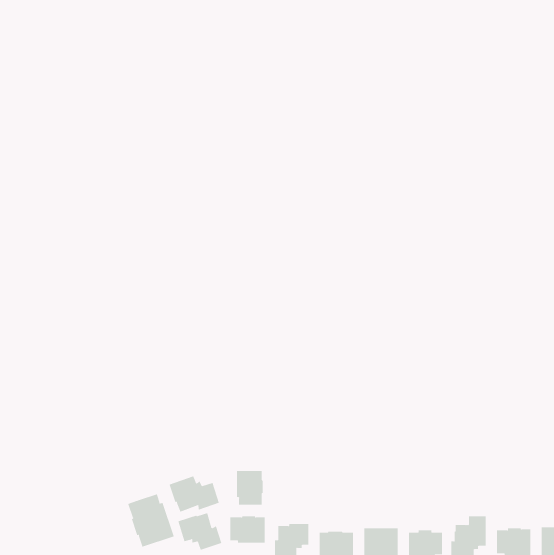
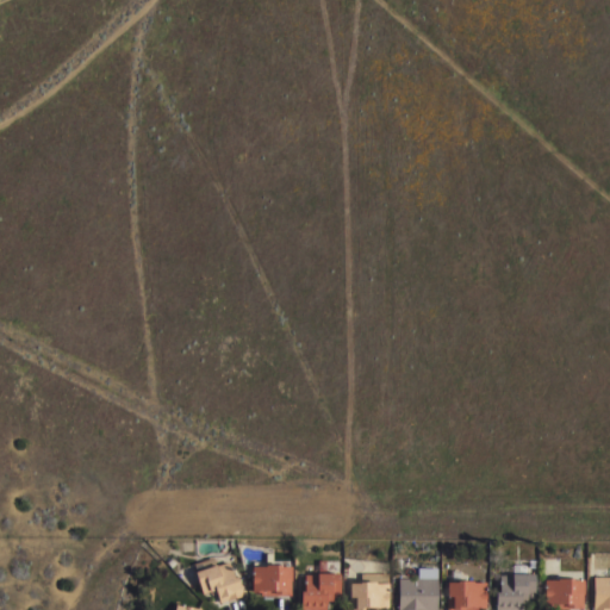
building: [236,470,263,505] -> none
building: [169,476,219,513] -> none
building: [128,494,174,547] -> none

